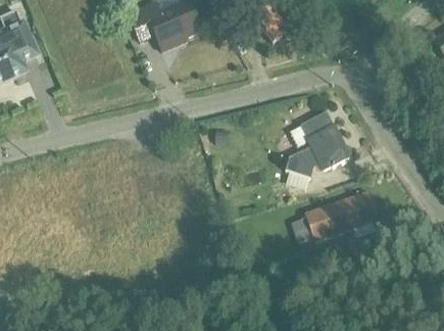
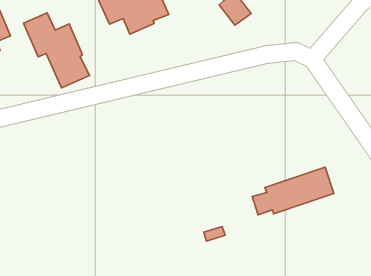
building: none -> [24,13,90,88]
building: [285,111,349,178] -> none

